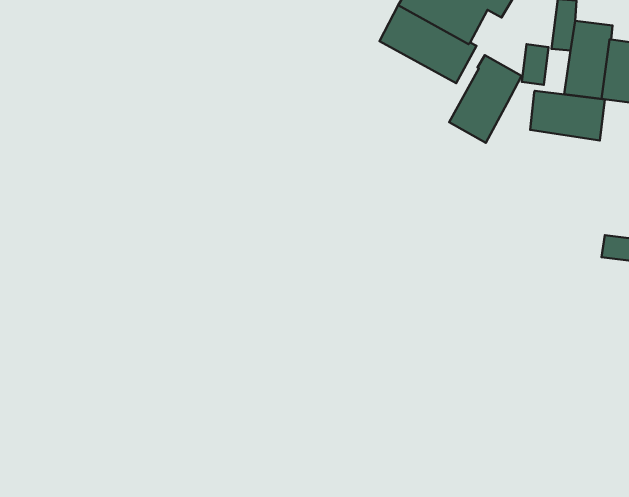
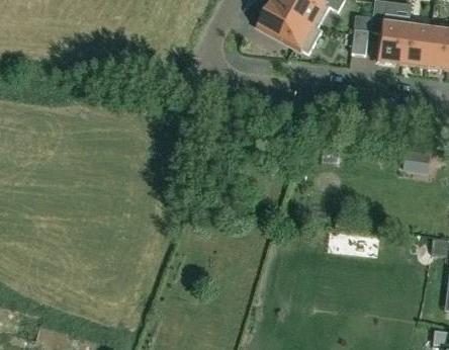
building: [449,55,521,143] -> none
building: [530,91,605,140] -> none

